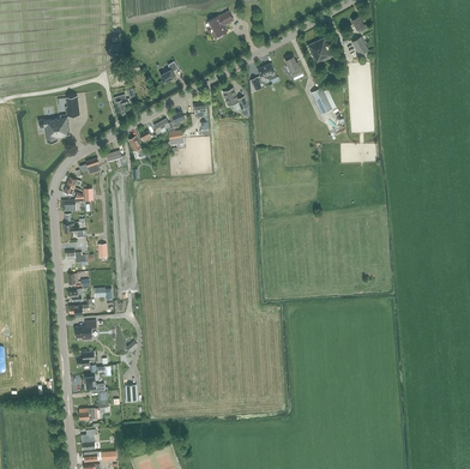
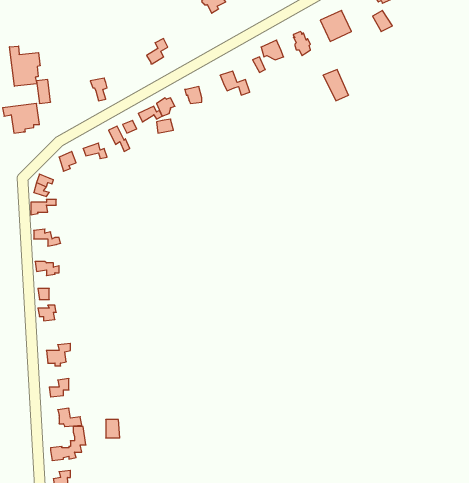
building: none -> [10,46,40,86]

